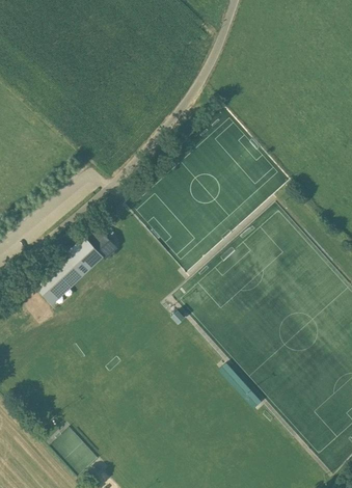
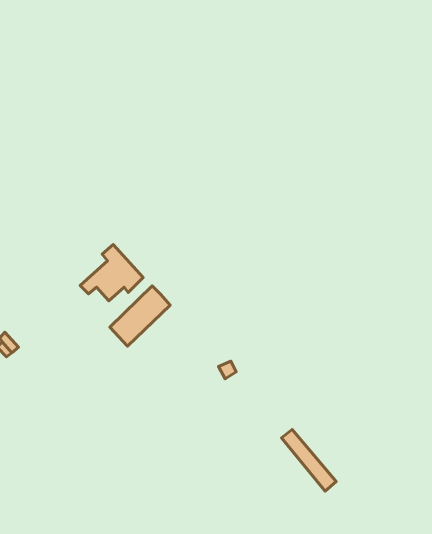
building: [38,257,84,303] -> [110,286,170,346]

